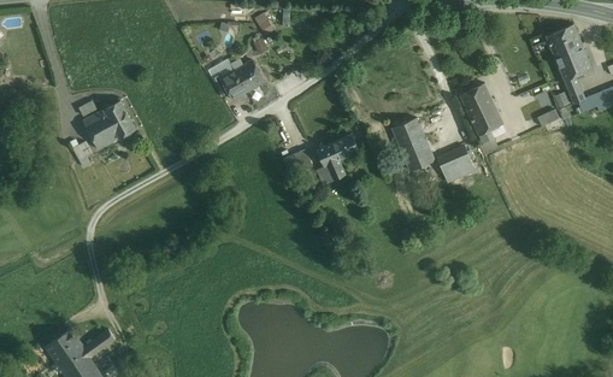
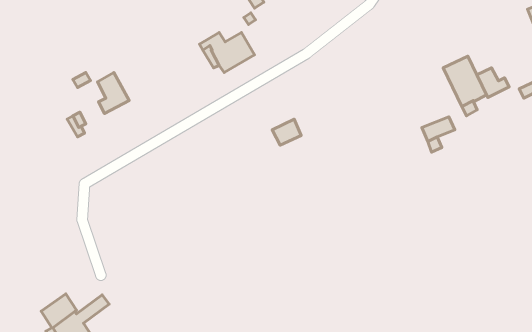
building: none -> [477,68,509,98]
building: [83,110,112,149] -> none
building: [391,118,435,170] -> none
building: [317,134,359,183] -> none

